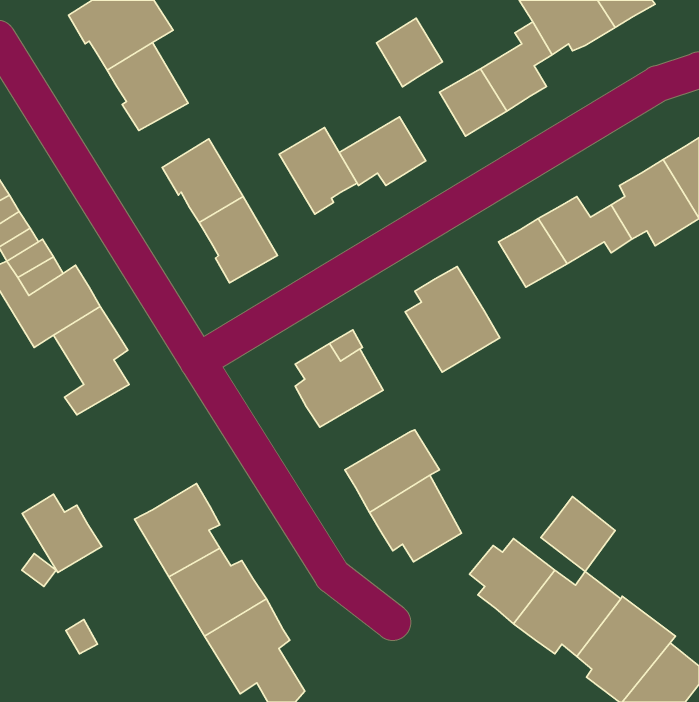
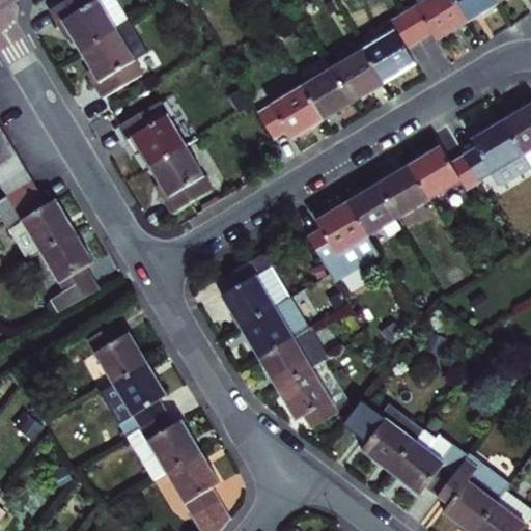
building: [376,18,442,87] -> [302,69,352,121]
building: [279,127,357,214] -> none
building: none -> [345,183,397,235]
building: none -> [242,294,310,355]
building: [22,494,102,573] -> [88,326,148,385]
building: [541,497,615,571] -> none

